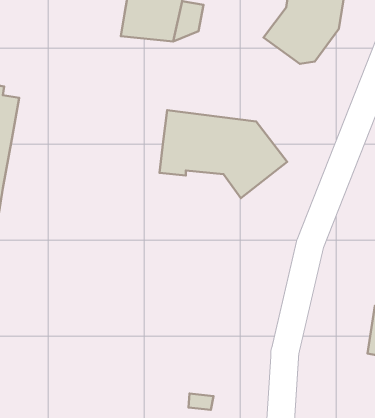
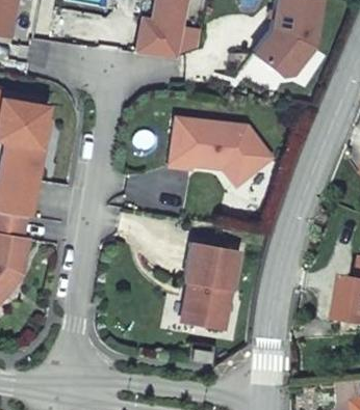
building: none -> [178,240,241,331]

